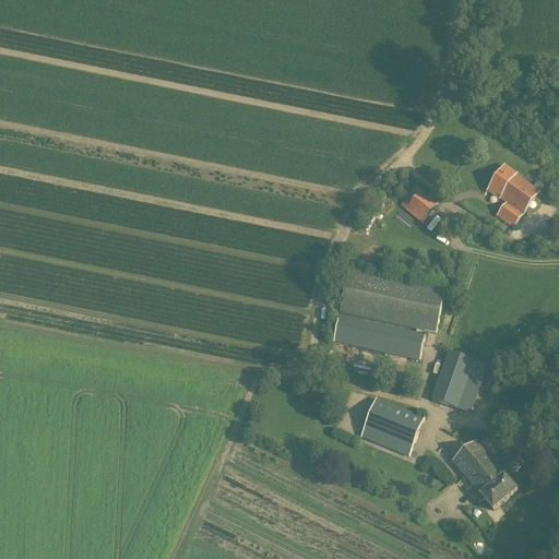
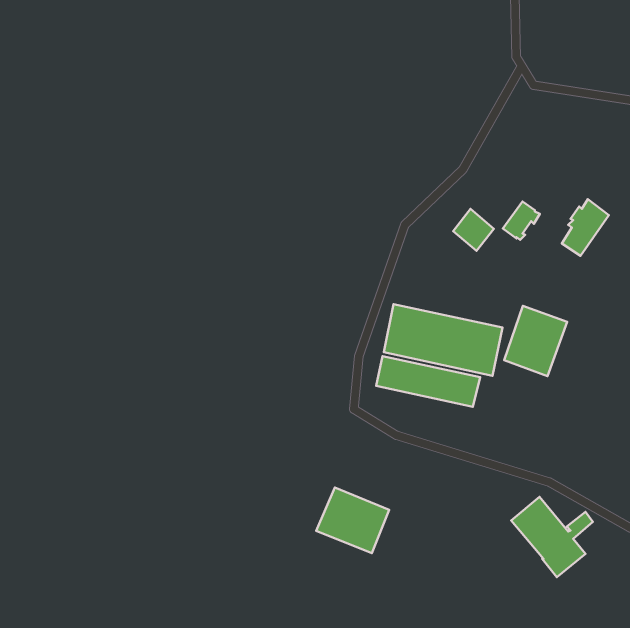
building: [486,165,519,199] -> [503,201,540,240]
building: [430,350,486,413] -> [504,306,567,376]
building: [359,397,424,455] -> [316,488,389,553]

